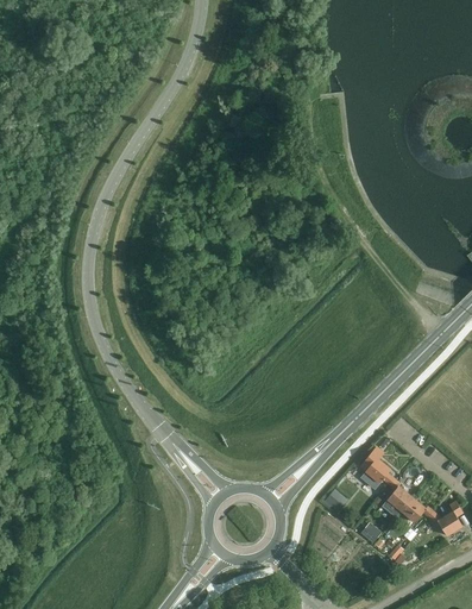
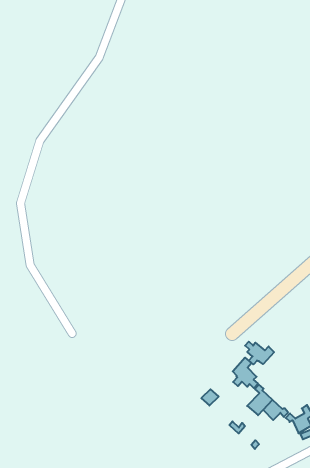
building: none -> [245,342,274,364]

